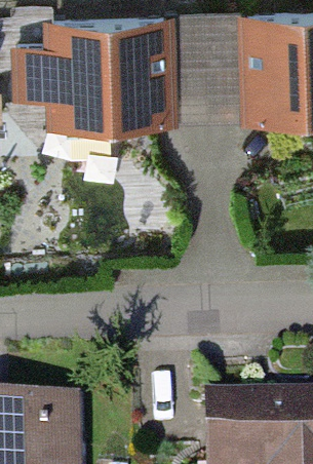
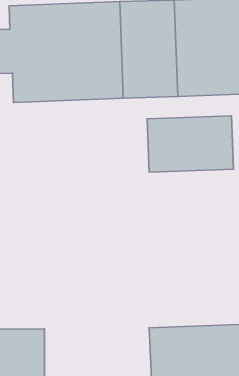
building: none -> [147,116,234,172]

